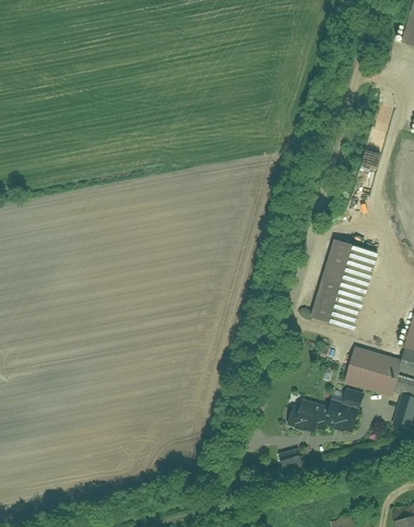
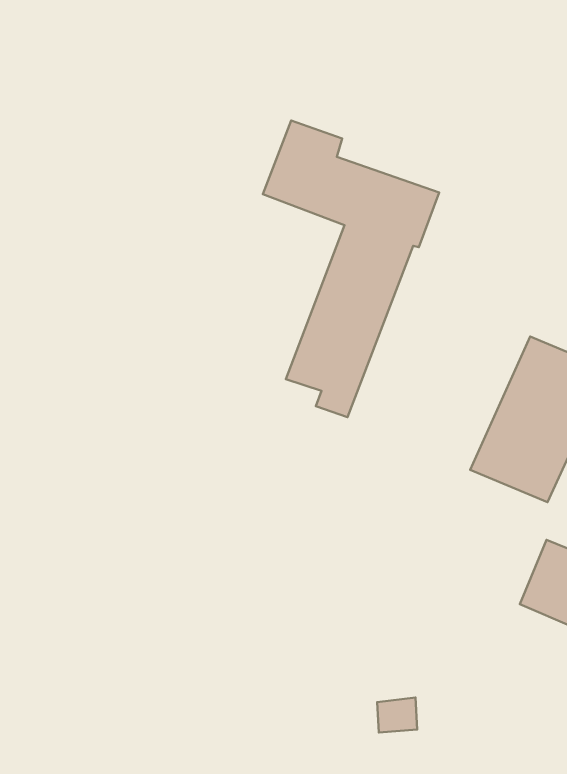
building: none -> [263,120,439,417]
building: [287,395,355,431] -> none

